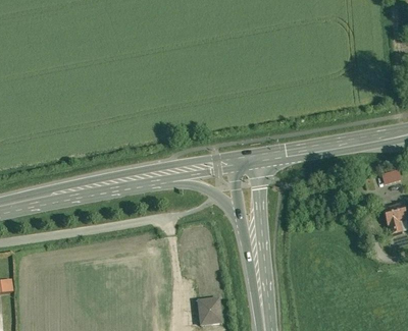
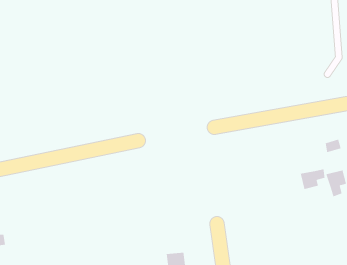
building: none -> [300,169,325,190]

